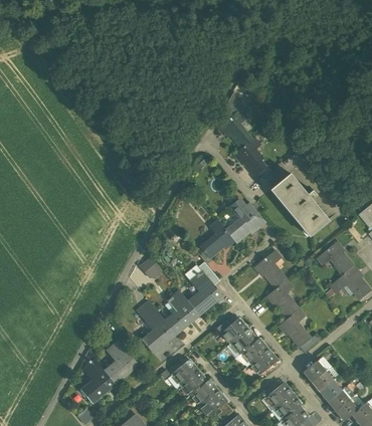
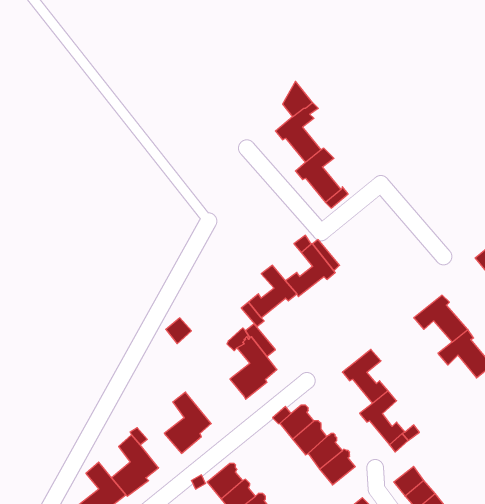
building: [270,173,329,235] -> none
building: [255,250,287,288] -> none
building: [164,290,197,334] -> none

